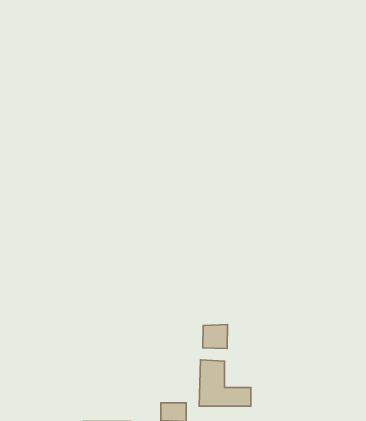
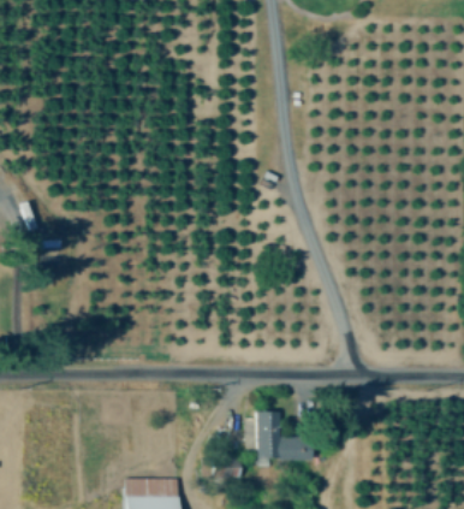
building: [203,325,228,348] -> none

